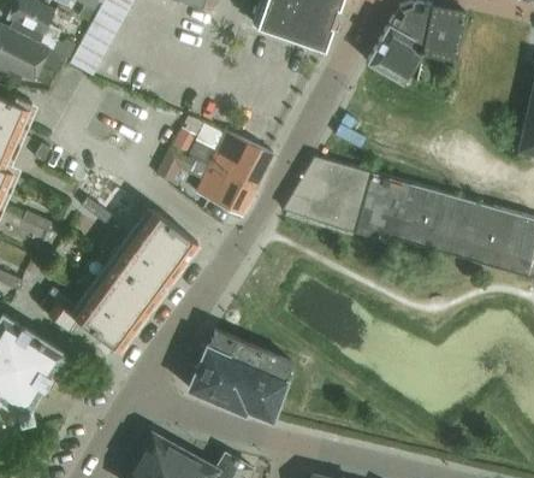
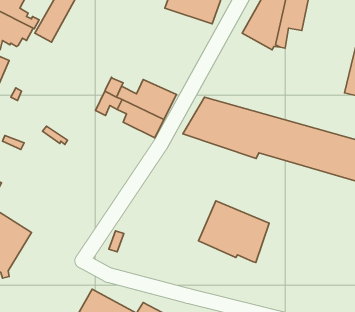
building: [37,211,197,350] -> none
building: [189,330,291,419] -> [198,201,269,262]

